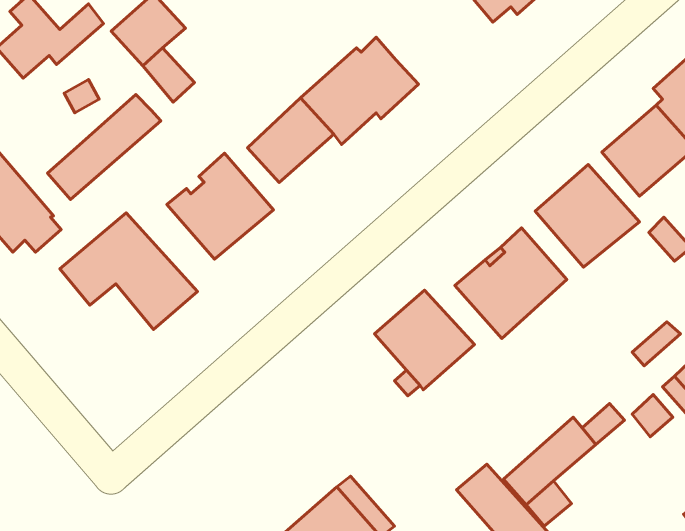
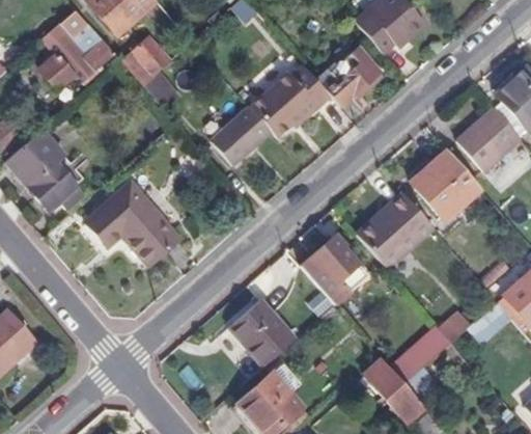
building: none -> [315,47,380,107]
building: [47,94,161,199] -> none
building: [167,153,273,259] -> none
building: none -> [228,298,294,367]

